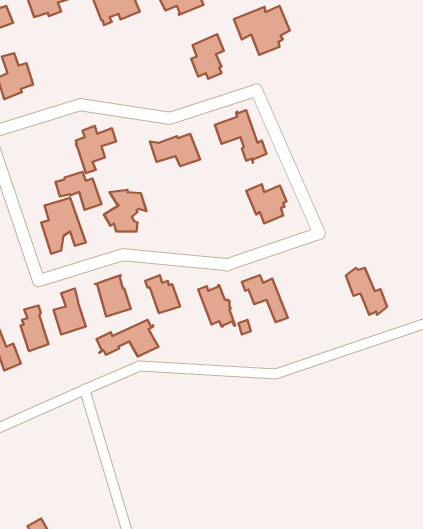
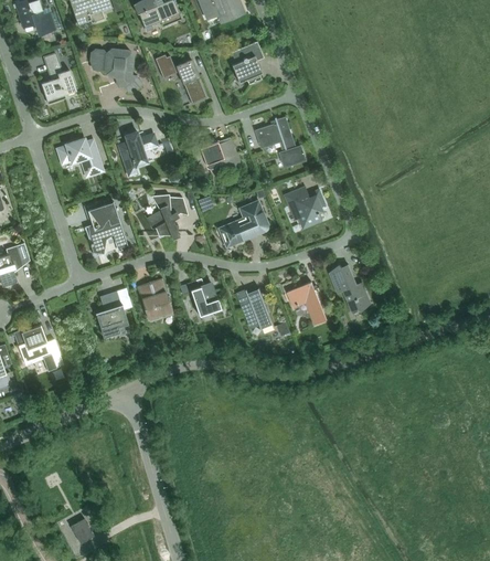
building: [234,6,290,55] -> none
building: none -> [90,49,142,93]
building: none -> [156,55,206,104]
building: [56,172,101,210] -> [57,139,103,177]
building: none -> [219,202,268,246]
building: [346,268,387,315] -> [330,265,371,311]
building: [21,306,49,351] -> none
building: [96,320,158,356] -> none

